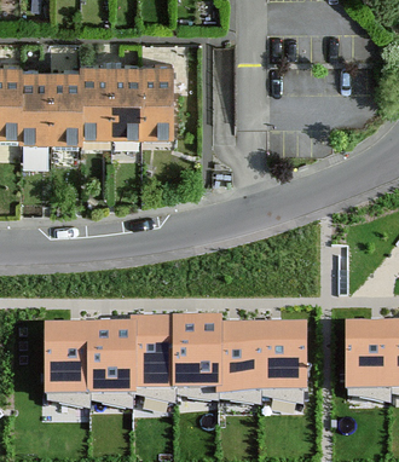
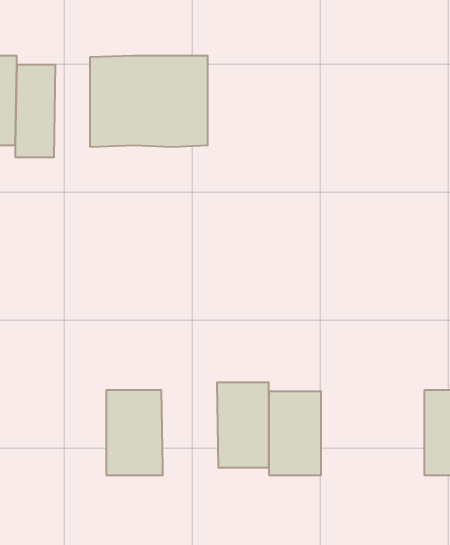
building: [46,60,75,135] -> none
building: [133,318,179,387] -> none
building: [45,324,88,393] -> none
building: [262,324,305,393] -> none

